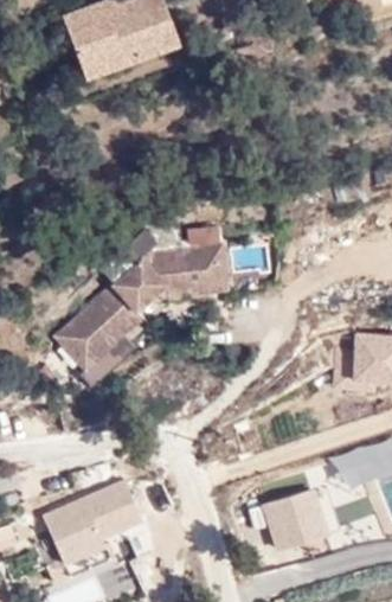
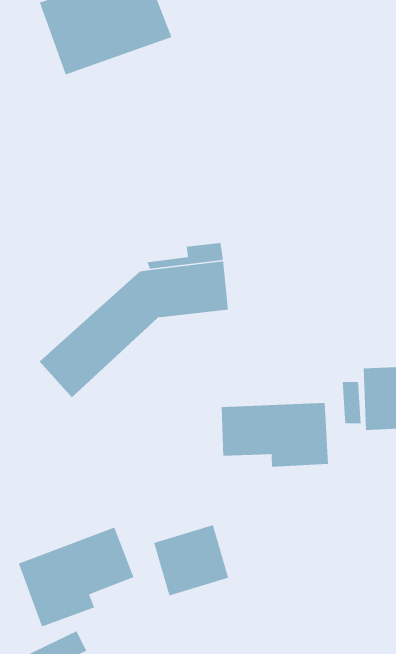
building: none -> [221,402,329,468]
building: [261,489,329,555] -> [153,524,229,596]

